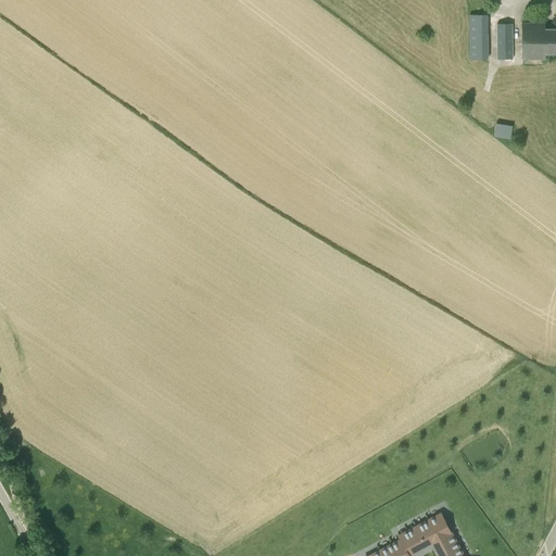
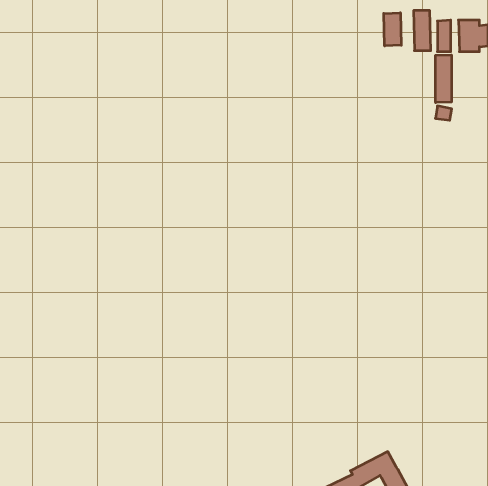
building: none -> [384,13,401,46]
building: none -> [436,55,451,103]

